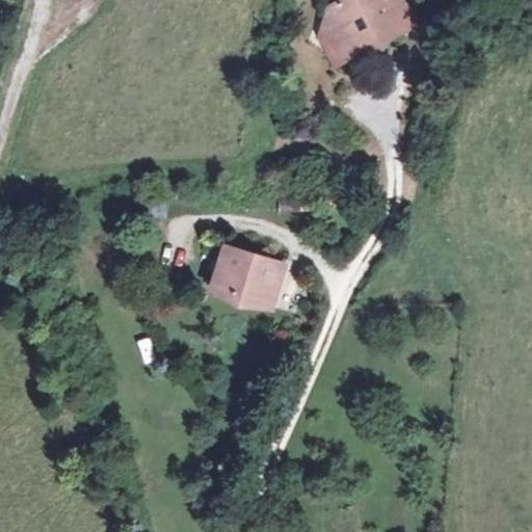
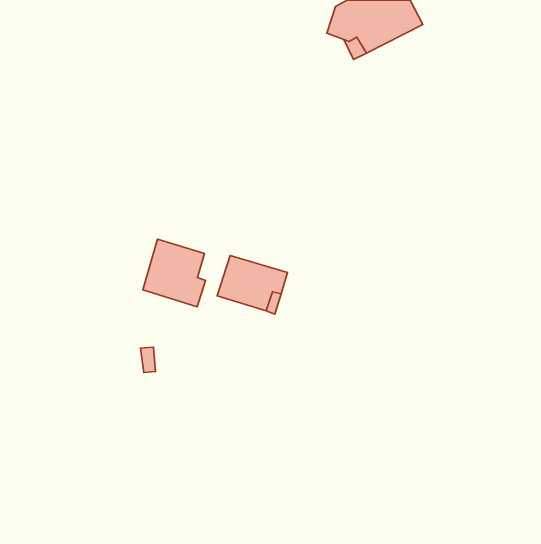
building: none -> [143,239,205,307]

